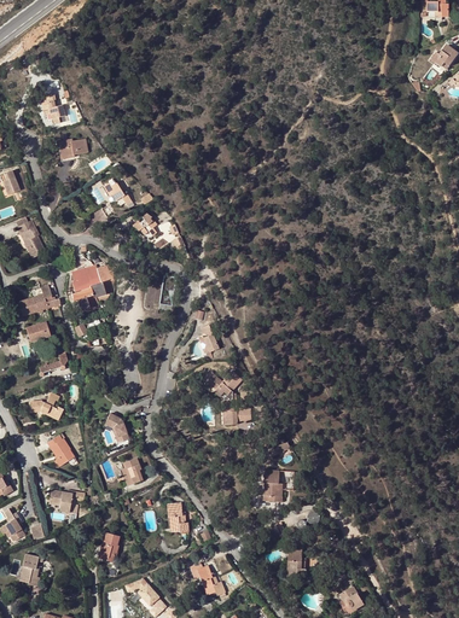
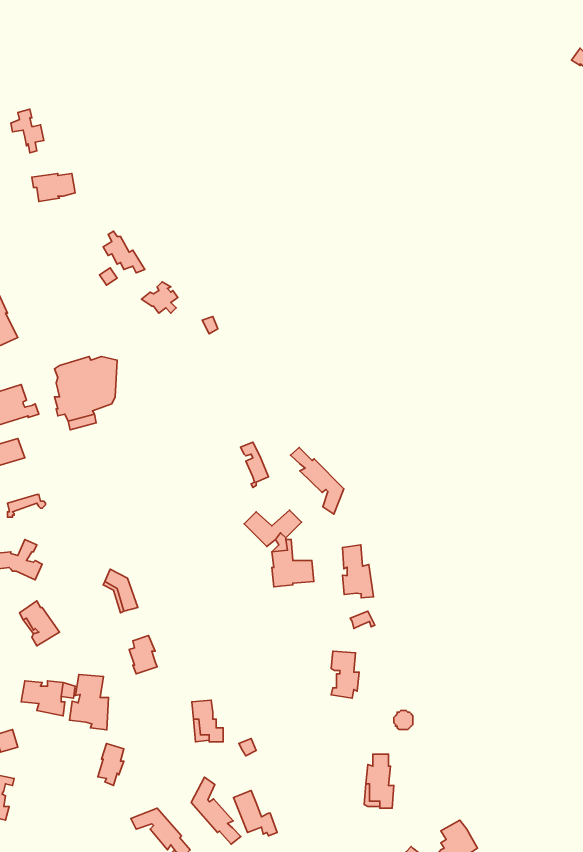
building: none -> [290,448,344,514]
building: none -> [342,545,373,598]
building: none -> [69,675,109,730]
building: none -> [191,777,241,844]

